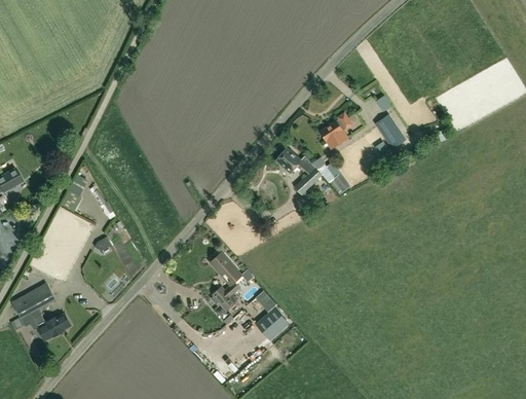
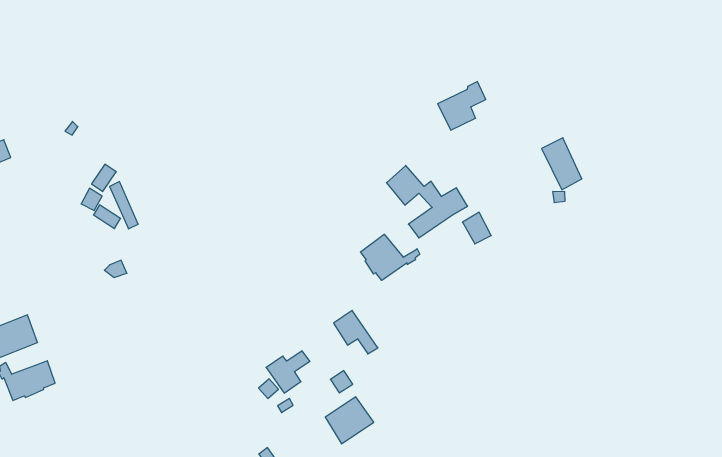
building: [321,113,352,148] -> [438,82,486,130]
building: none -> [360,234,420,280]
building: [211,252,242,280] -> [334,310,378,354]

